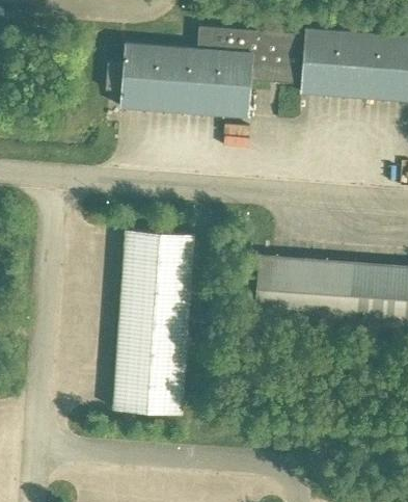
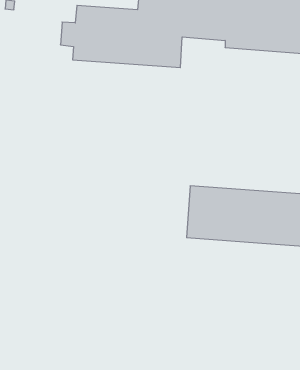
building: [113,230,194,414] -> none

